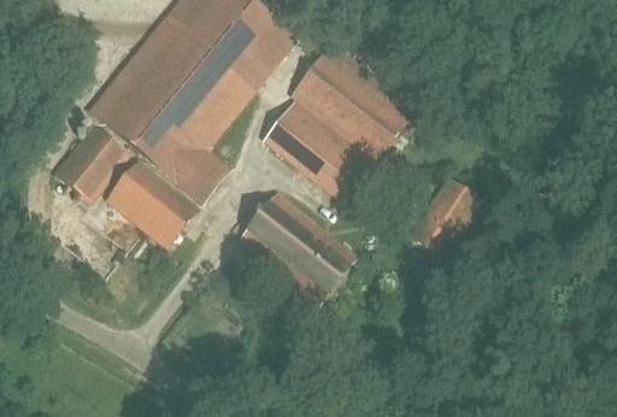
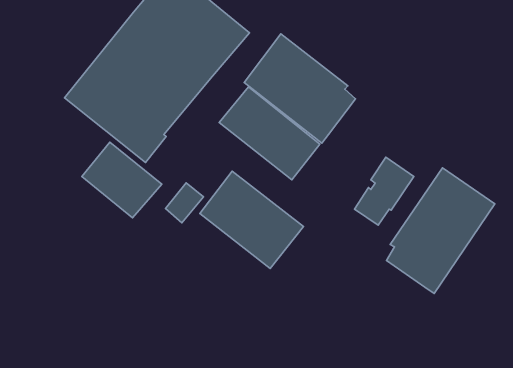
building: [53,125,129,204] -> none
building: [180,155,222,200] -> [165,183,203,223]
building: none -> [387,168,495,294]

